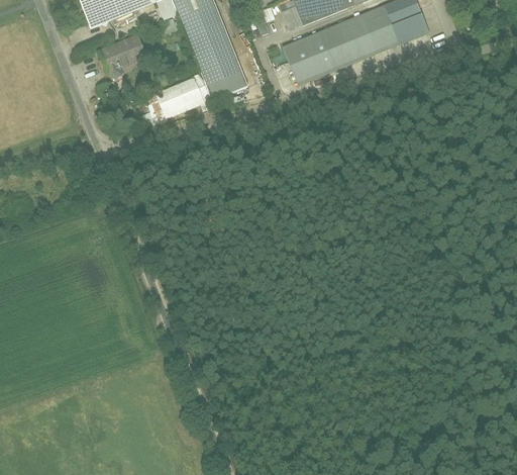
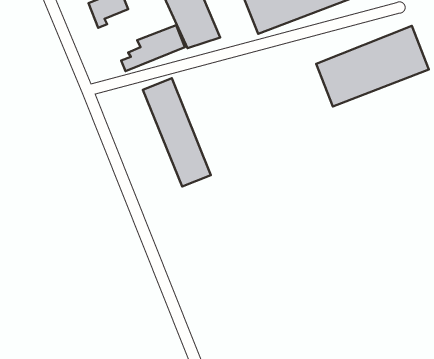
building: none -> [316,26,429,107]
building: none -> [143,78,211,186]

